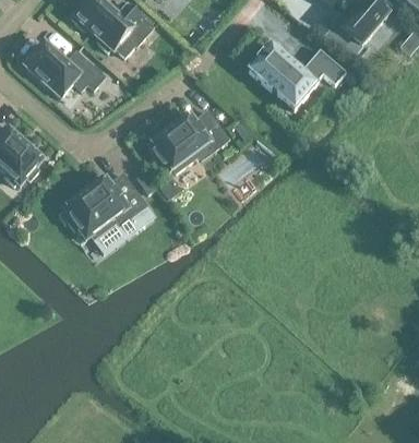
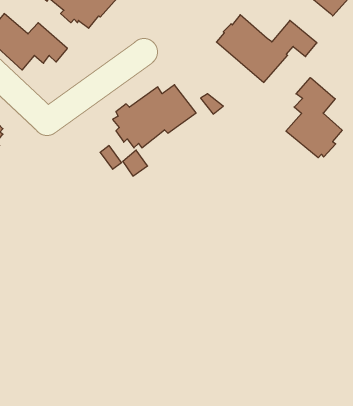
building: none -> [286,78,342,158]
building: [64,172,146,238] -> none

